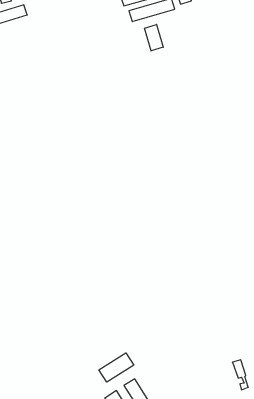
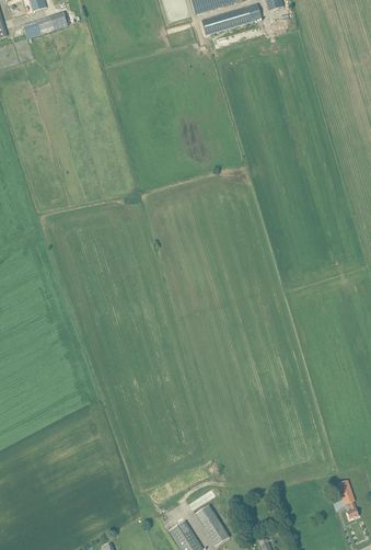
building: [144,24,163,51] -> none
building: [99,353,134,382] -> none

